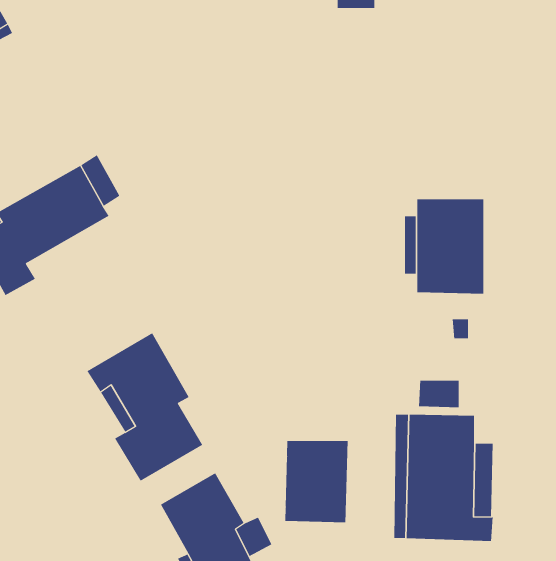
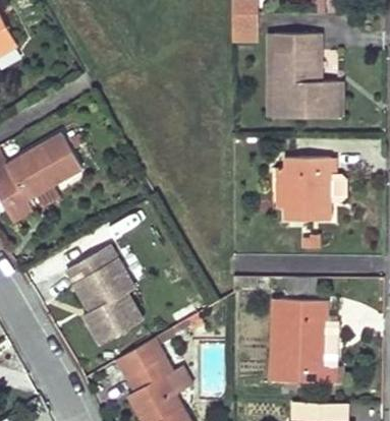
building: none -> [273,33,342,116]
building: [285,440,348,523] -> none

